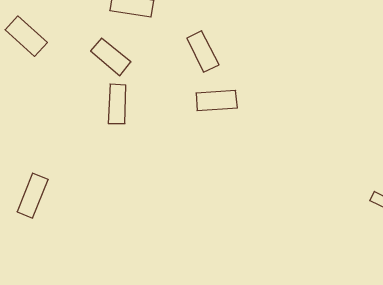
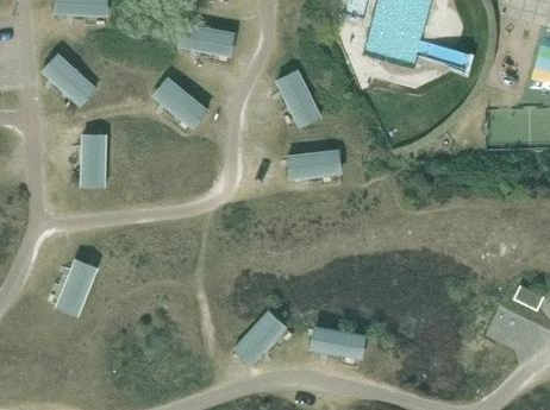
building: [108,84,126,124] -> [81,133,104,184]
building: none -> [235,311,285,364]
building: none -> [311,326,365,357]

